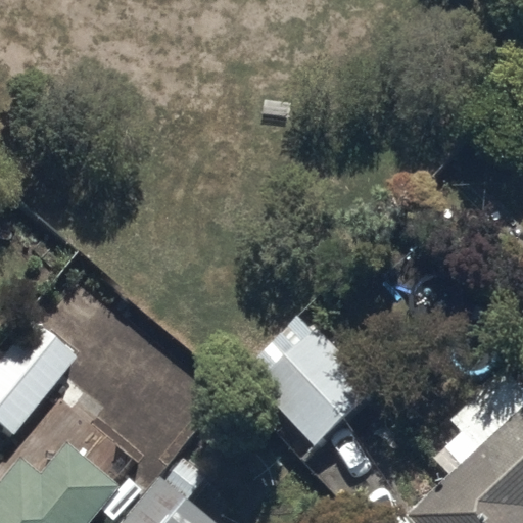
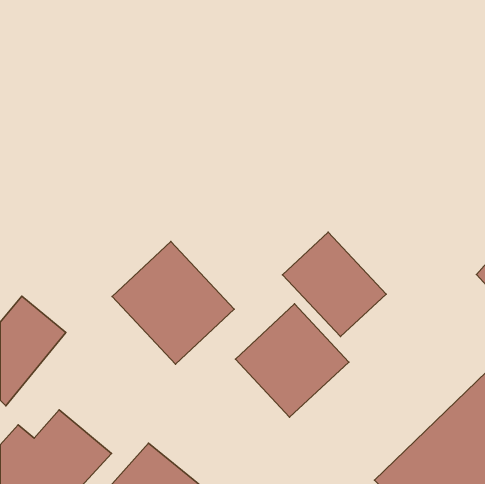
building: none -> [283,232,386,337]
building: none -> [112,241,234,364]

